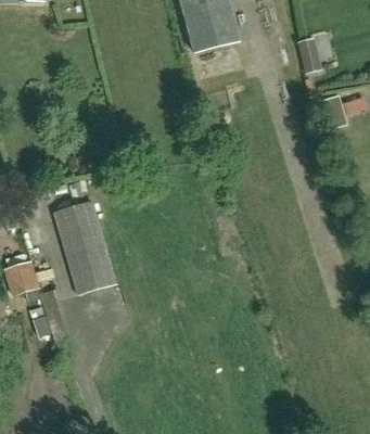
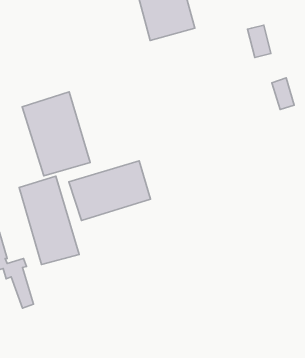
building: none -> [22,92,90,176]
building: none -> [69,161,150,221]

